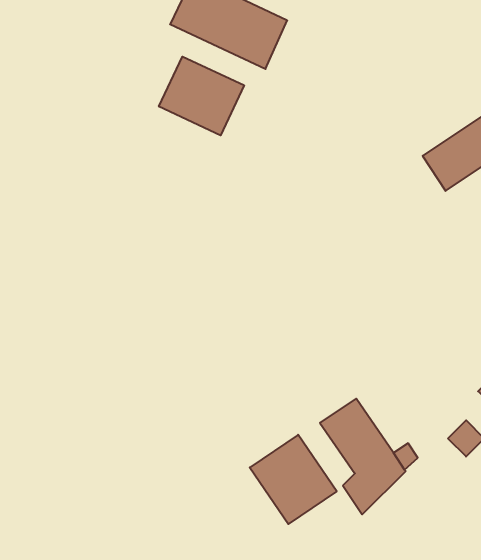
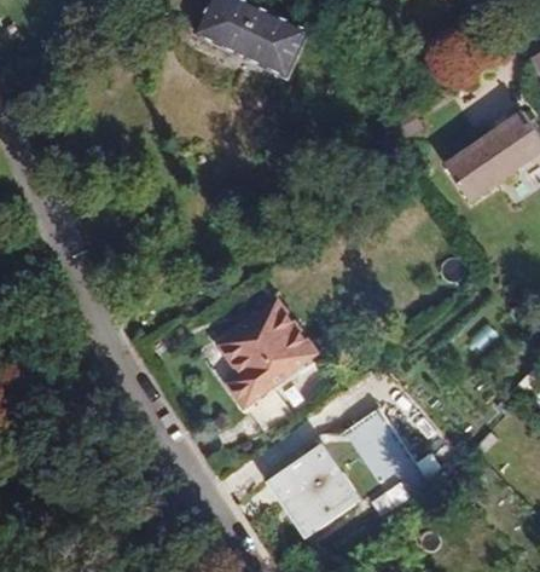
building: [159,57,244,135] -> none
building: none -> [216,300,317,408]

